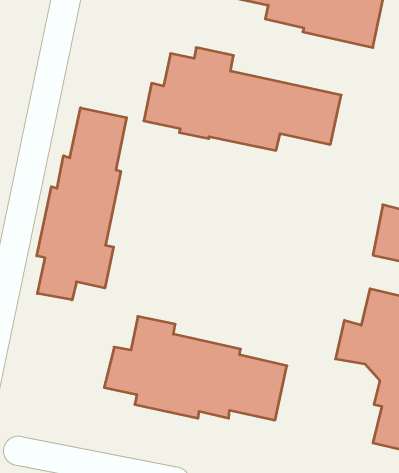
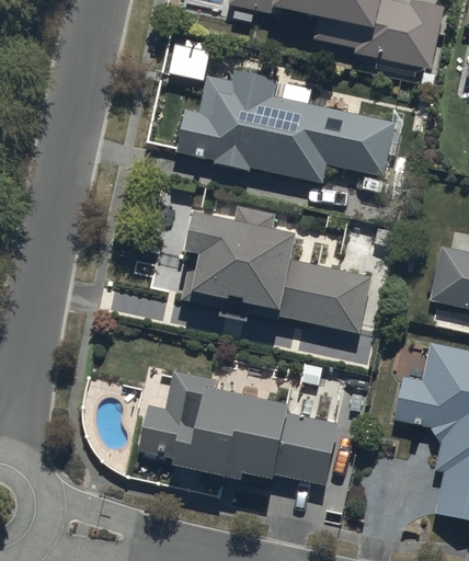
building: [37,108,127,300] -> none
building: none -> [184,205,375,335]

